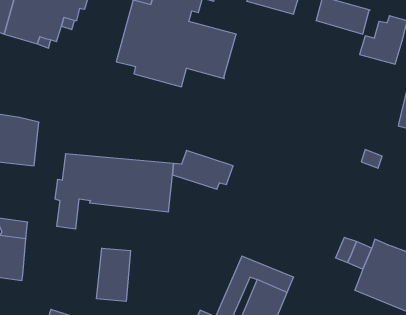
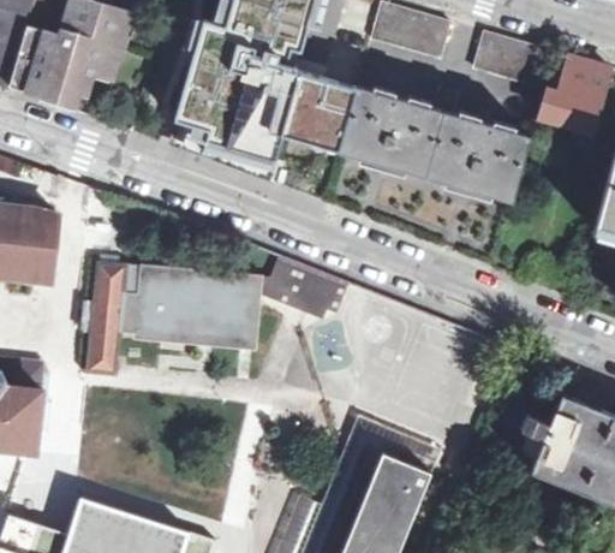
building: none -> [338,87,531,198]
building: [97,248,131,301] -> none

